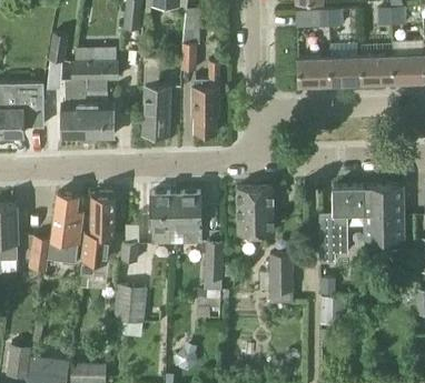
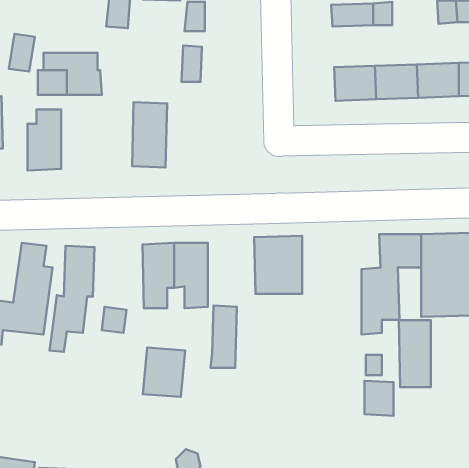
building: [192,61,220,133] -> none
building: [89,91,115,137] -> none
building: [269,254,294,305] -> [399,320,431,387]
building: [115,285,147,323] -> [143,348,185,397]

